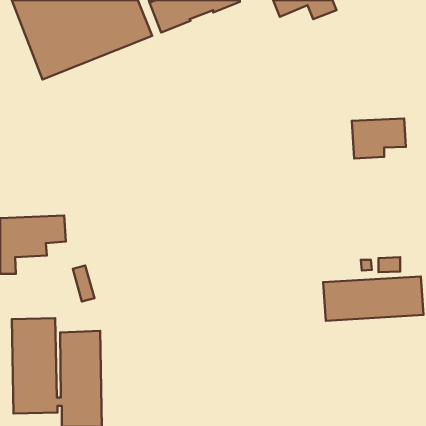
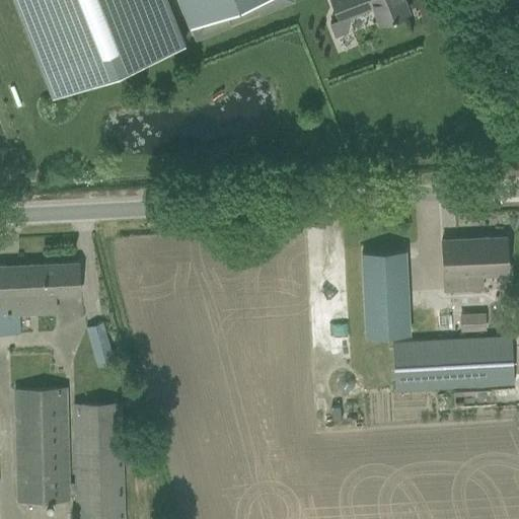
building: [352,118,406,158] -> [443,238,509,287]
building: none -> [363,252,410,338]

